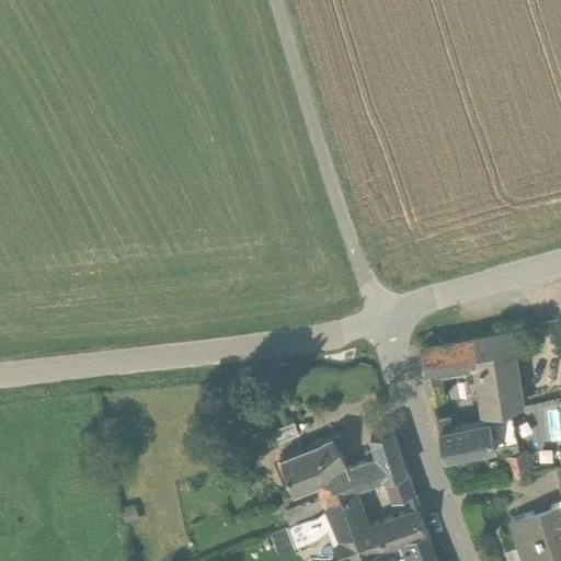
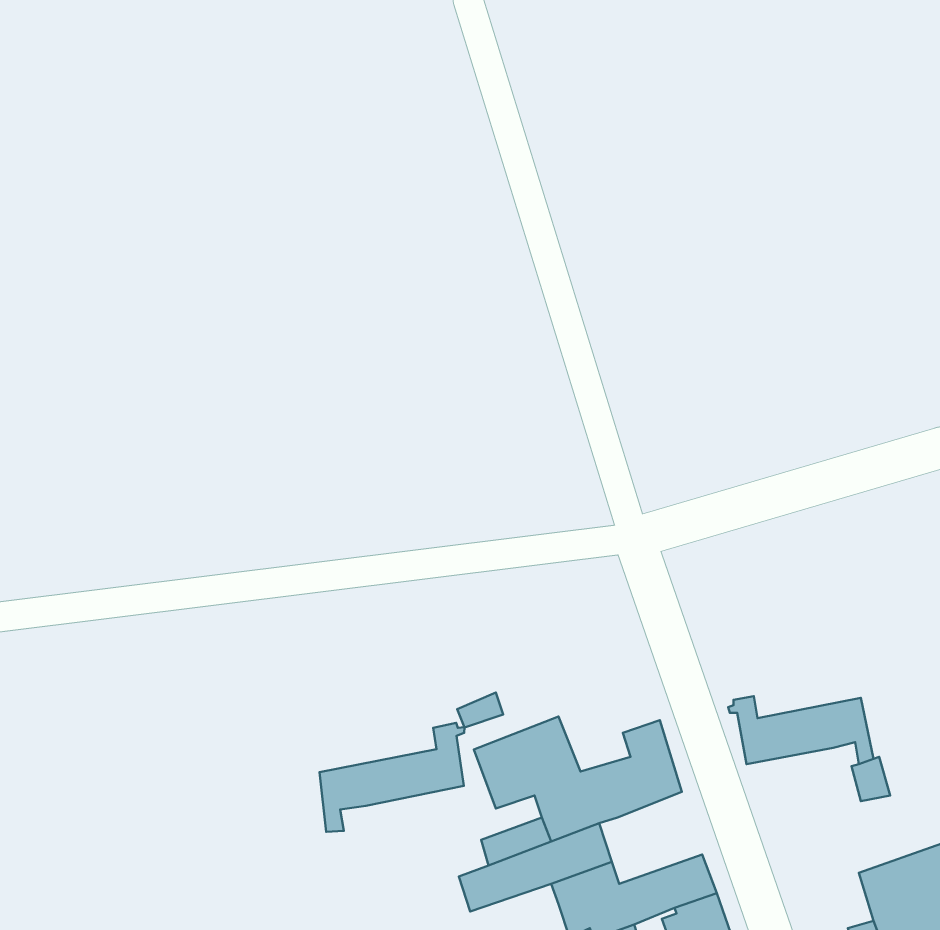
building: [421,337,523,421] -> none
building: none -> [319,723,464,832]
building: [368,478,414,507] -> none

